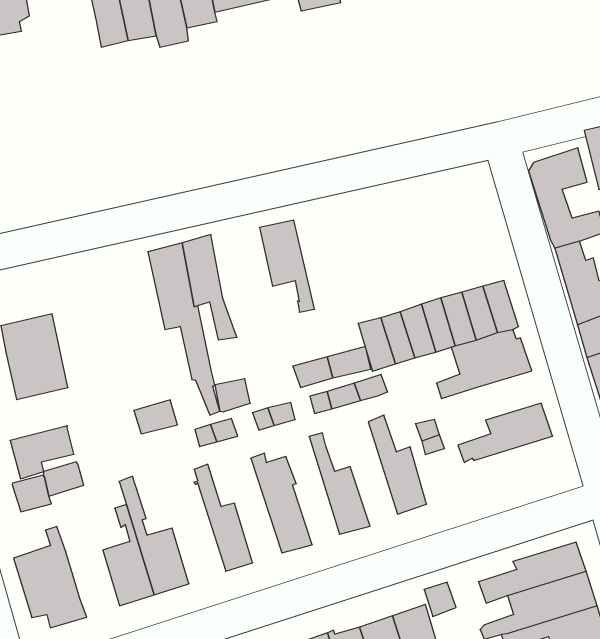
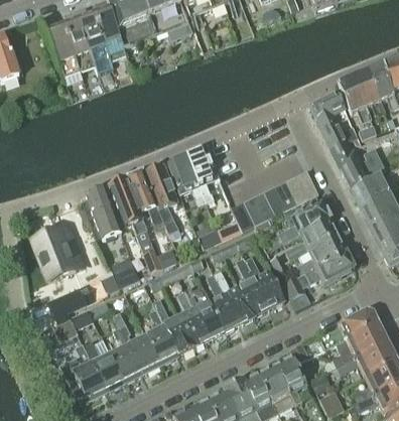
building: none -> [186,148,218,203]
building: none -> [142,163,182,239]
building: none -> [87,187,121,239]
building: none -> [286,219,339,260]
building: none -> [237,257,269,316]
building: none -> [283,253,355,299]
building: none -> [208,274,239,333]
building: none -> [177,291,209,348]
building: none -> [146,309,179,366]
building: none -> [83,339,124,393]

